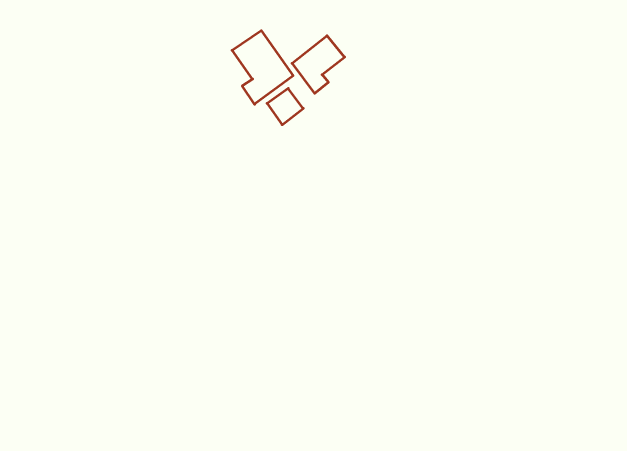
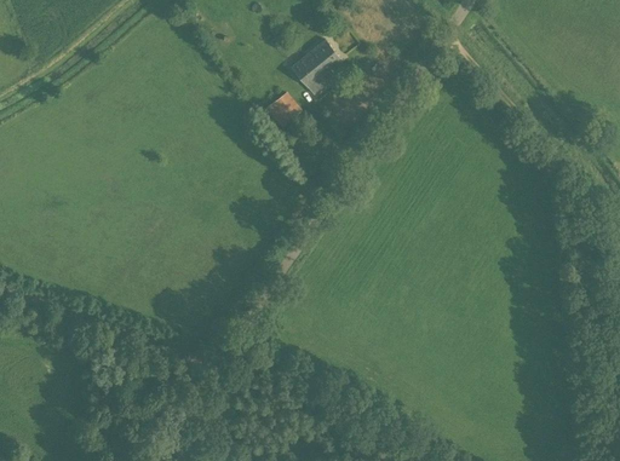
building: [232,31,293,104] -> none

